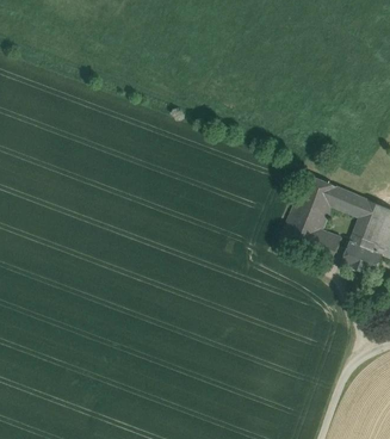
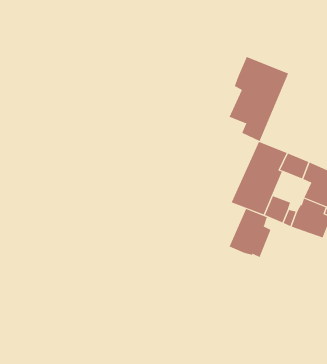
building: none -> [229,56,289,142]
building: none -> [229,208,271,258]

